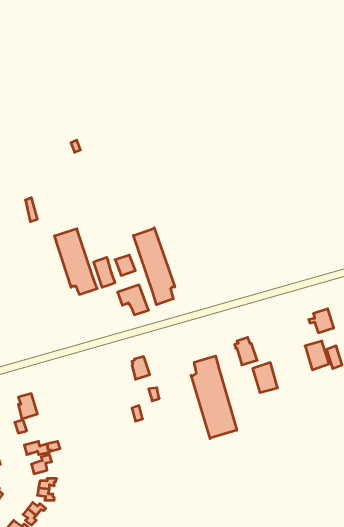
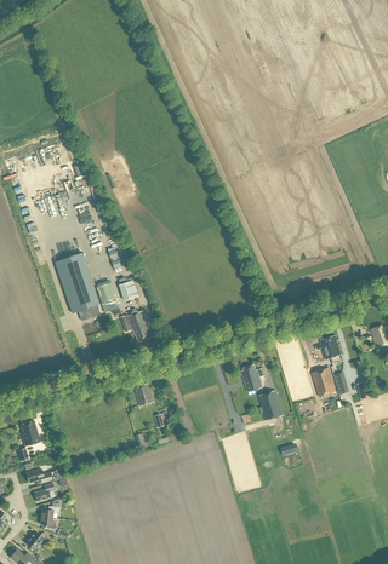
building: [133,228,175,305] -> none
building: [191,356,237,439] -> none

